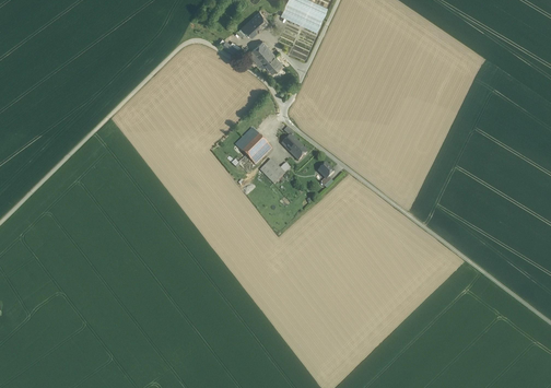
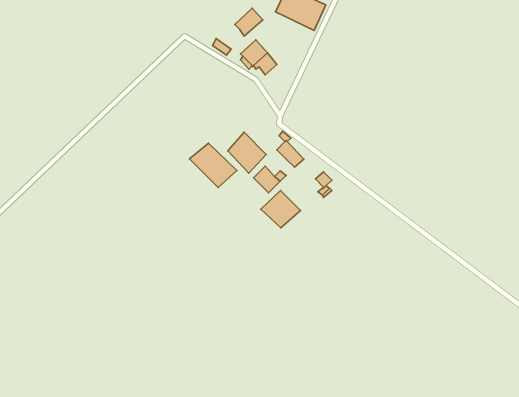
building: none -> [190,143,237,187]
building: none -> [261,190,300,228]

